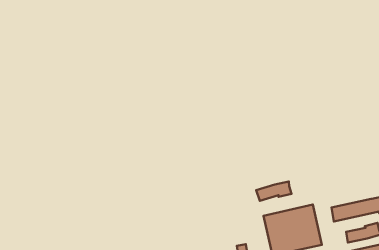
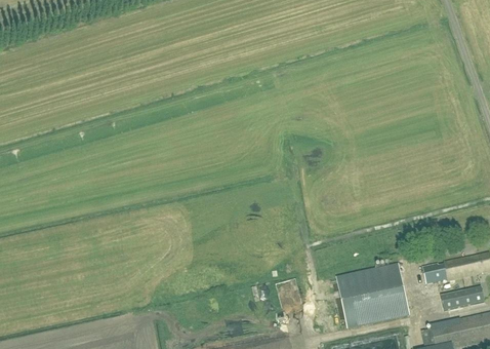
building: [256,181,291,201] -> none

